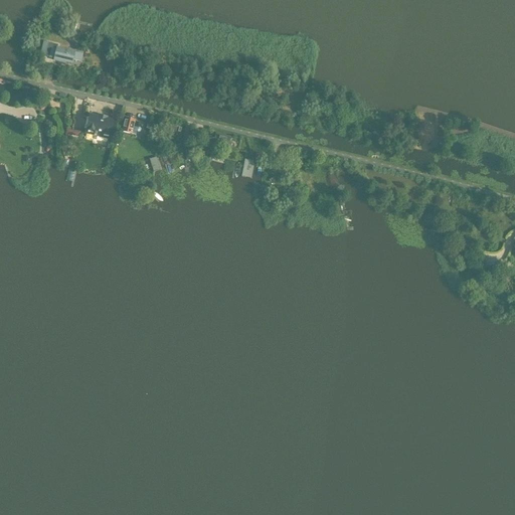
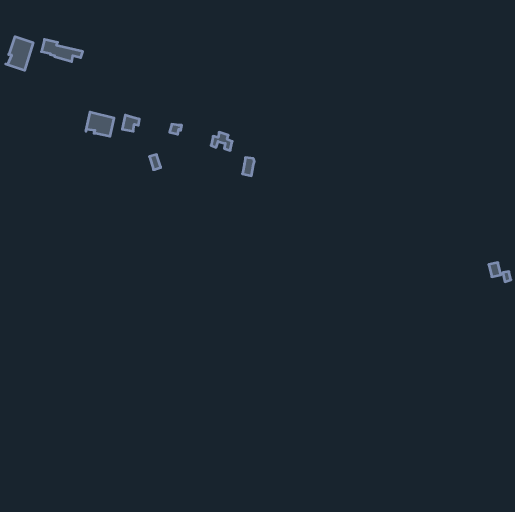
building: none -> [6,37,33,70]

